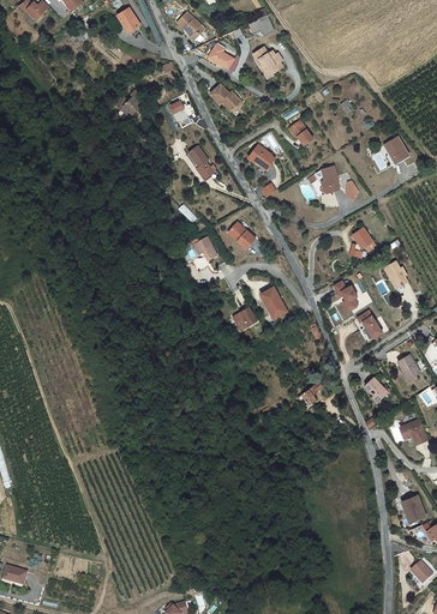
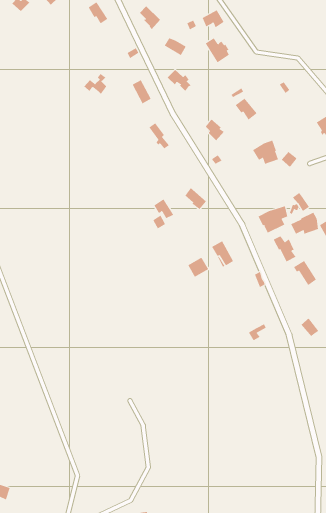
building: none -> [258,205,288,233]
building: none -> [291,212,318,235]

